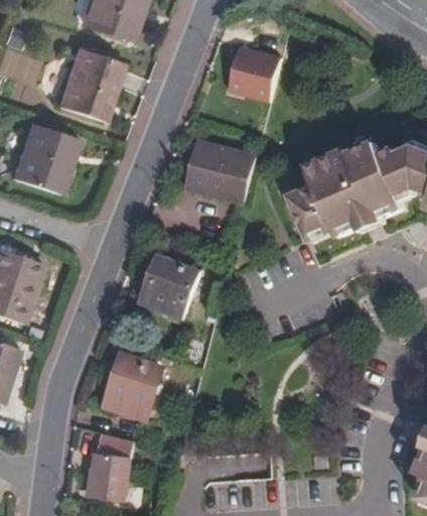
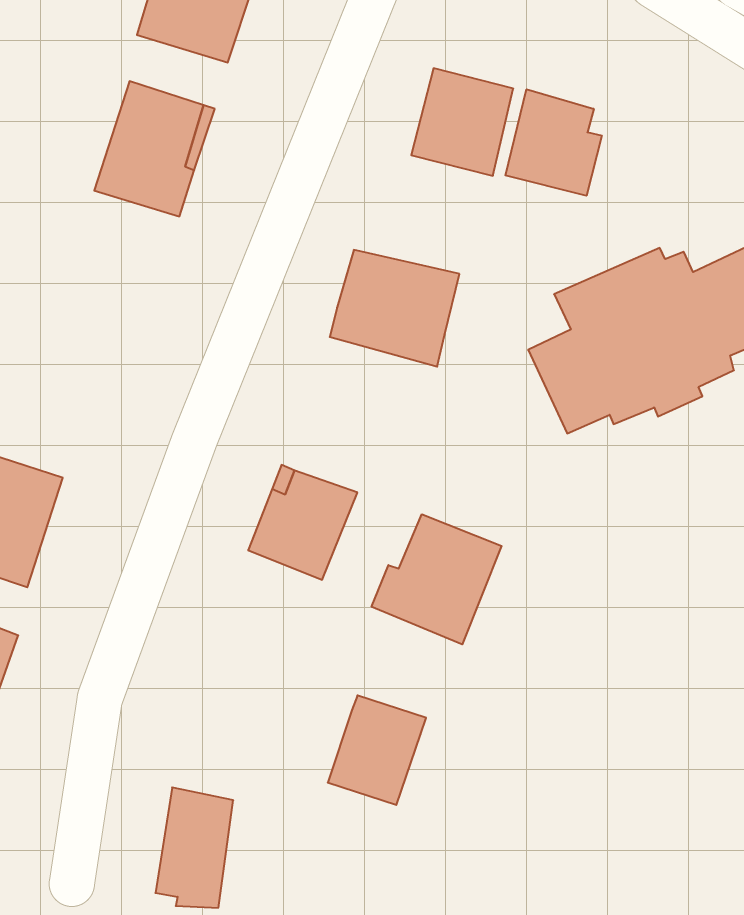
building: none -> [505,89,602,196]
building: [10,124,79,194] -> none
building: none -> [372,514,502,644]
building: [105,357,158,416] -> [328,695,426,805]

